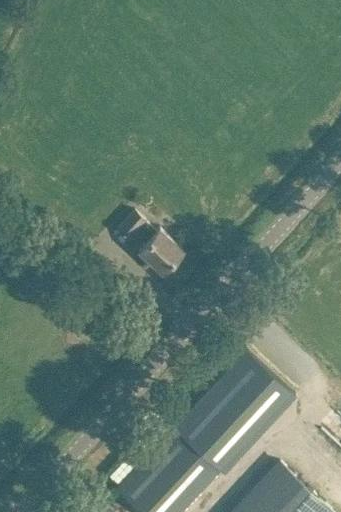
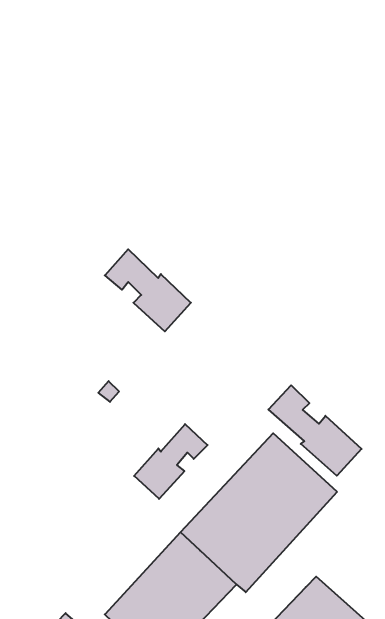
building: none -> [268,385,362,476]
building: none -> [134,424,208,499]

